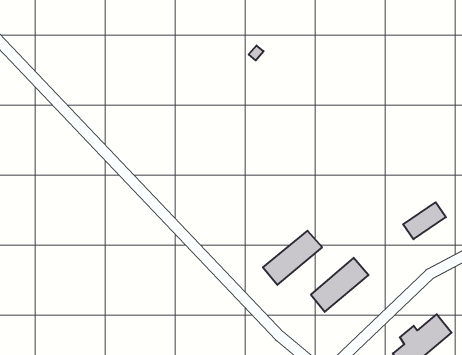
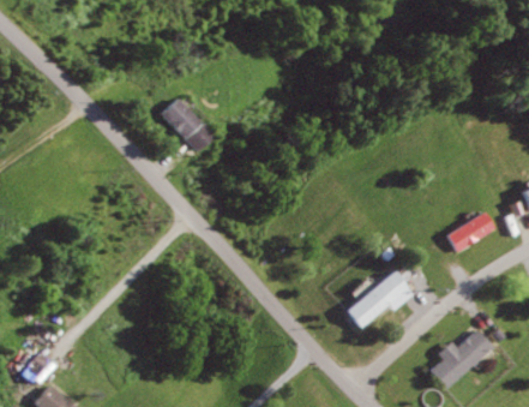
building: none -> [162,98,214,151]
building: [263,231,322,285] -> none

